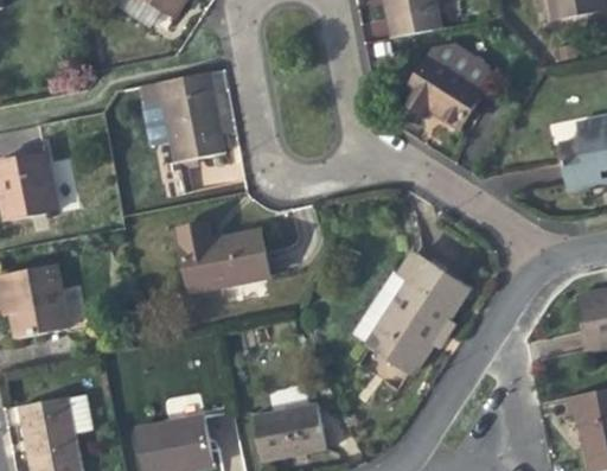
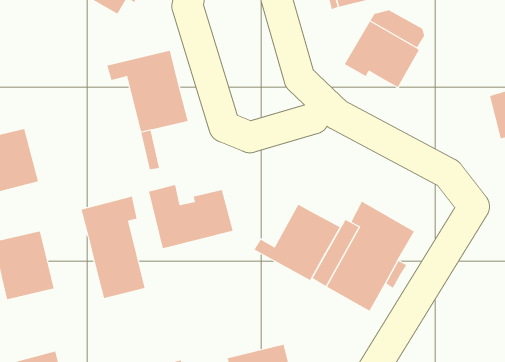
building: none -> [81,196,145,299]
building: none -> [254,204,341,281]

